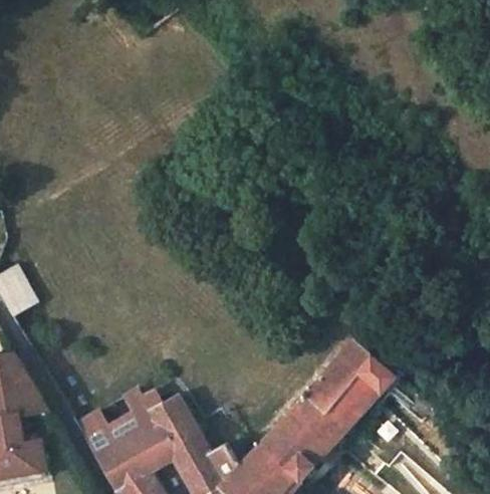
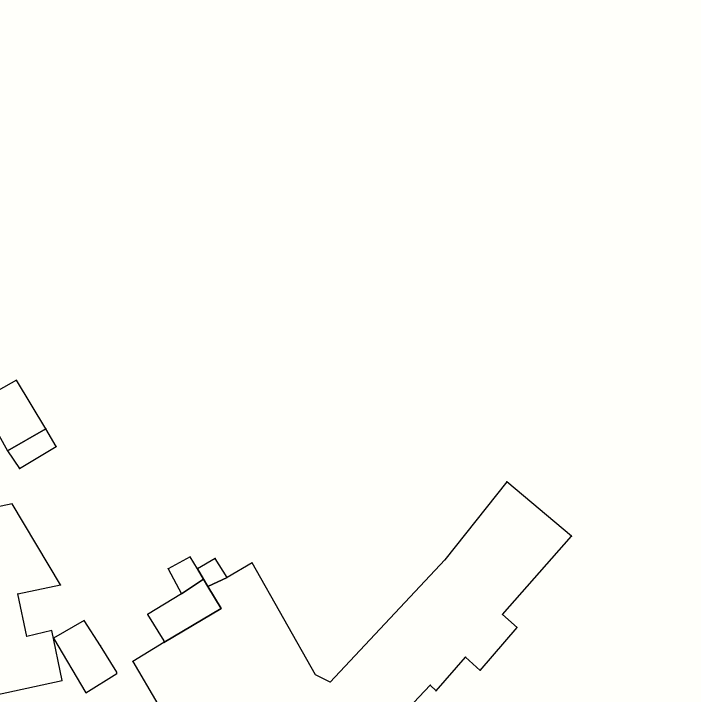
building: [73,410,116,459] -> [53,621,117,693]

